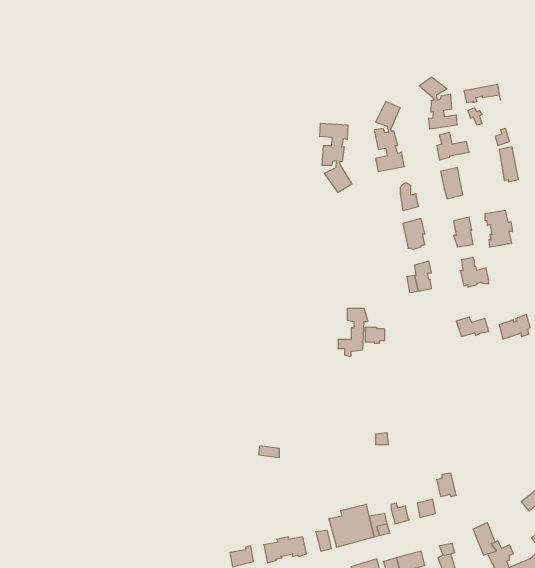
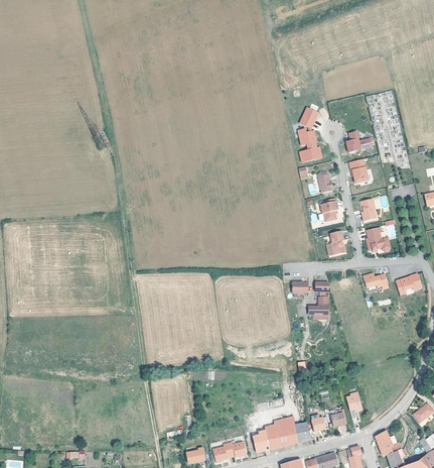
building: [419,77,457,129] -> none
building: [320,123,352,193] -> none
building: [485,210,512,247] -> none
building: [338,308,368,356] -> [307,281,330,319]

